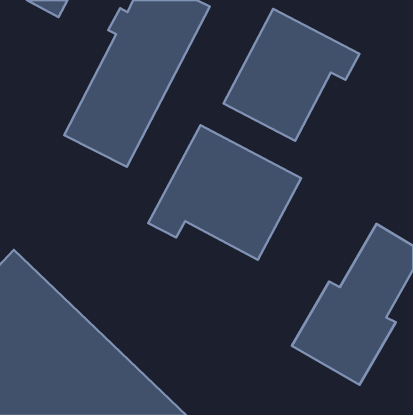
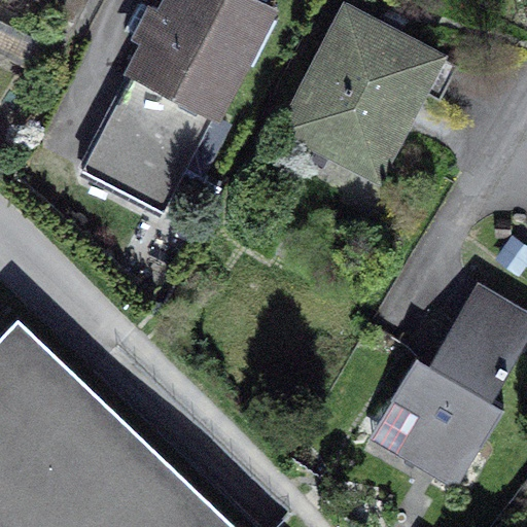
building: [148,125,301,260] -> none

